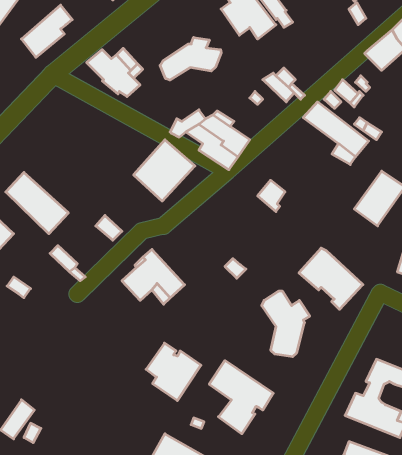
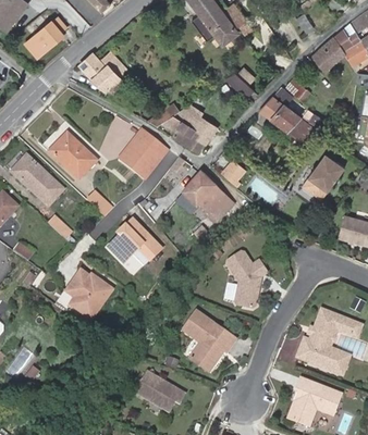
building: [160,37,221,80] -> none
building: none -> [50,133,96,177]
building: [299,248,363,309] -> [181,172,234,223]
building: [146,343,201,401] -> [66,269,112,316]

